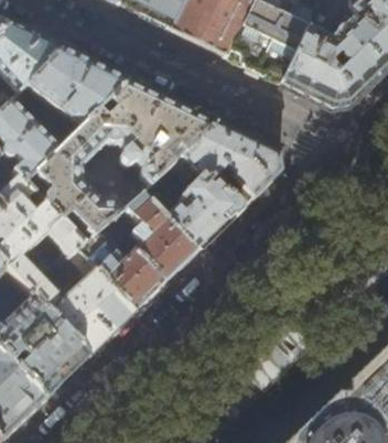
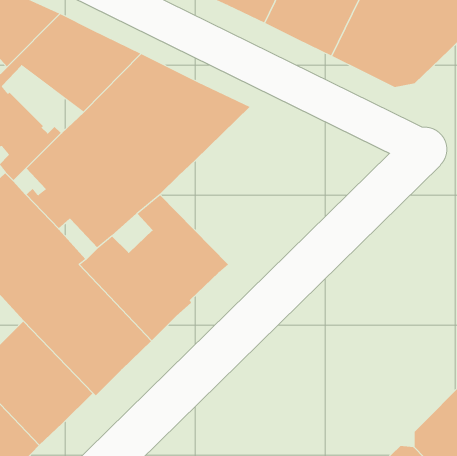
building: [142,123,279,250] -> none

